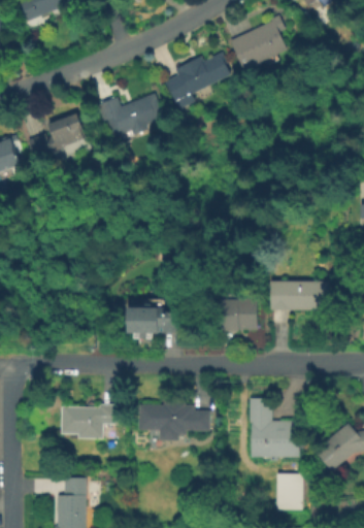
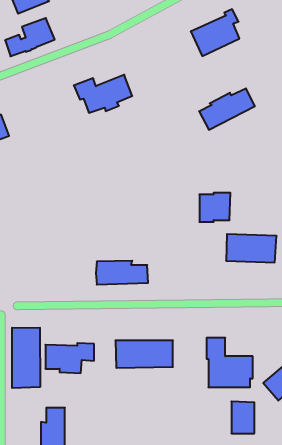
building: [167,54,232,102] -> [199,88,255,130]
building: [29,113,87,158] -> [5,18,55,56]
building: [221,298,257,332] -> [199,193,230,222]
building: none -> [12,328,40,388]

